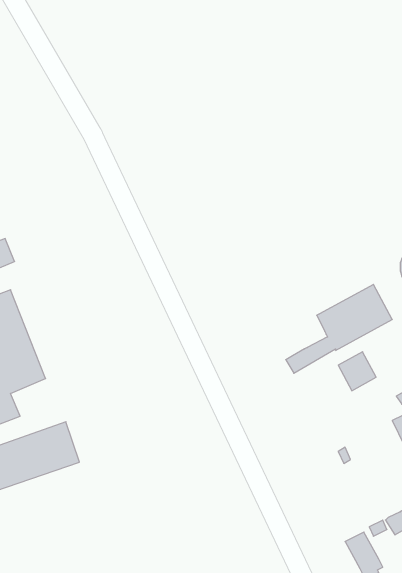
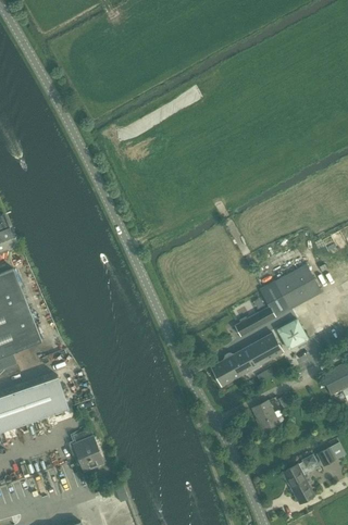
building: none -> [211,333,284,387]
building: none -> [251,400,279,433]
building: none -> [70,428,104,472]

